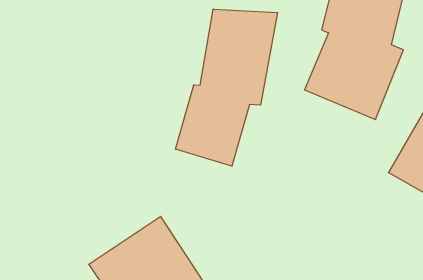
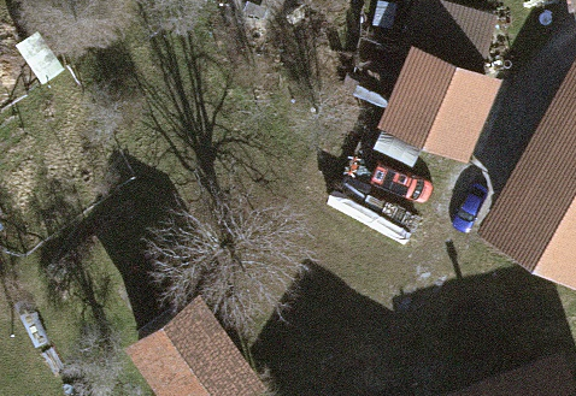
building: [176,9,278,166] -> none

